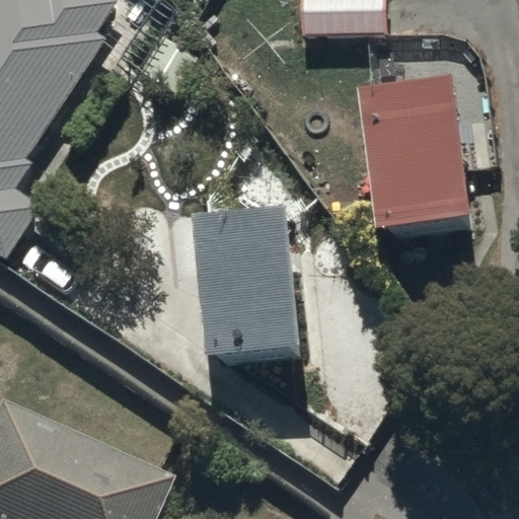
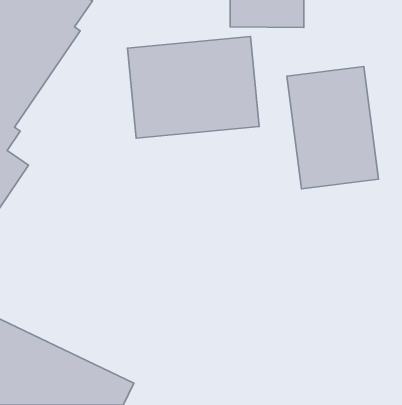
building: none -> [127,37,259,138]
building: [195,212,304,361] -> none

